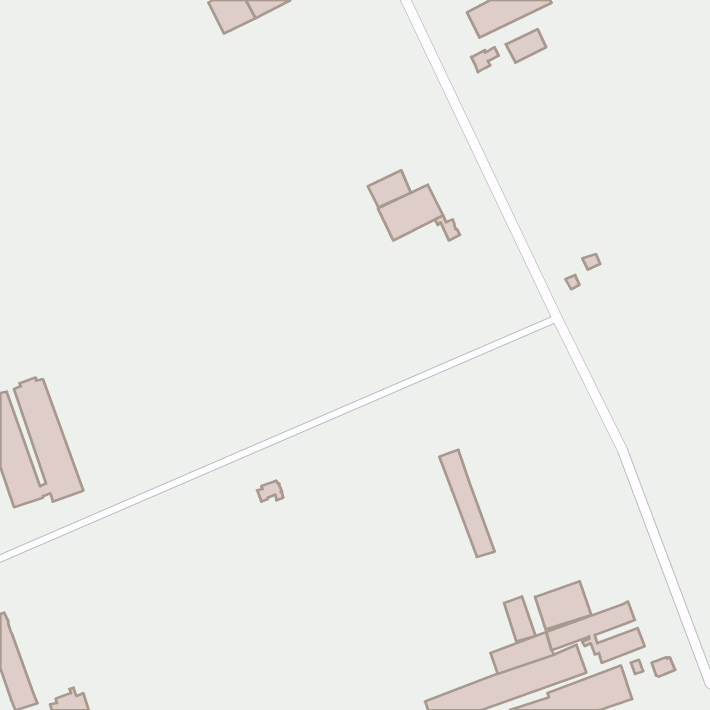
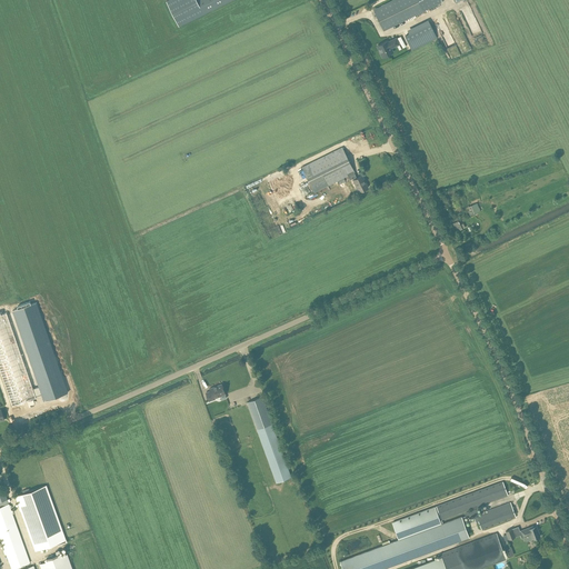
building: [368,170,411,208] -> none
building: [439,450,495,557] -> [247,397,291,482]
building: [535,581,591,630] -> none
building: [504,596,536,641] -> none
building: none -> [16,486,66,550]

